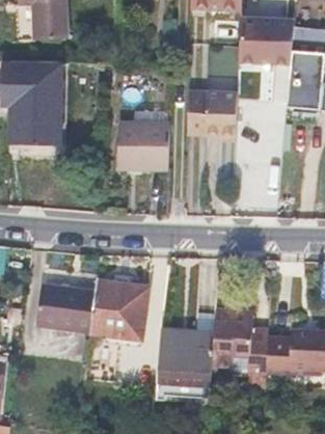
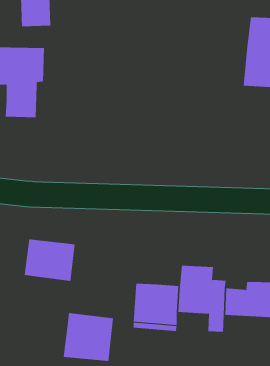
building: [236,15,295,62] -> none
building: [188,88,235,134] -> none
building: [118,124,168,168] -> none
building: [90,279,148,335] -> [63,313,114,362]

